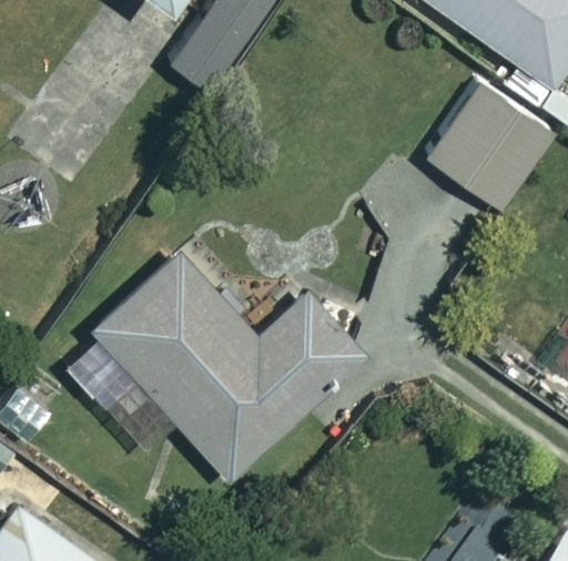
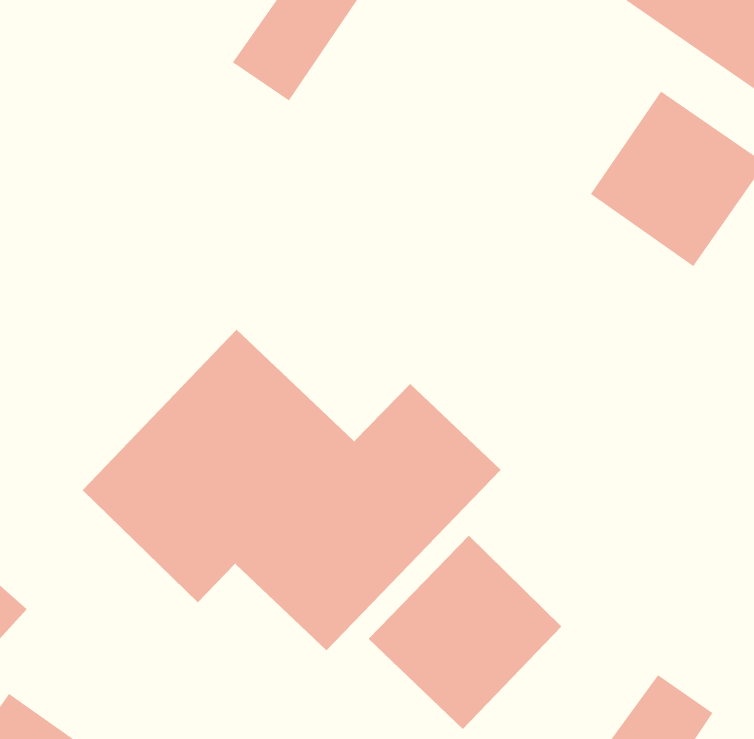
building: none -> [368,535,562,730]

